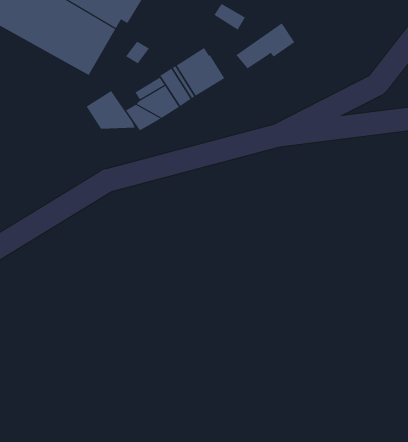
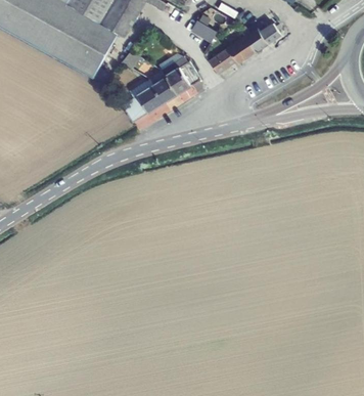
building: none -> [240,23,280,51]
building: [86,90,136,129] -> none

